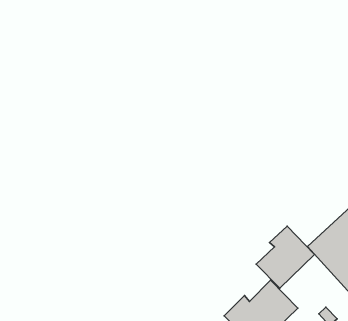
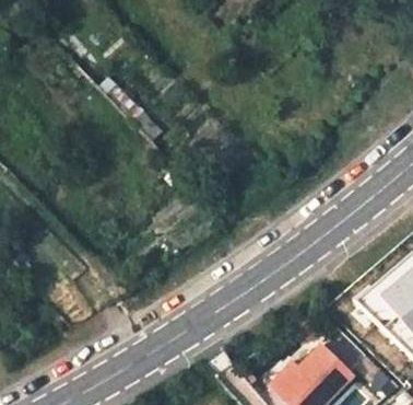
building: [256,226,315,288] -> none

